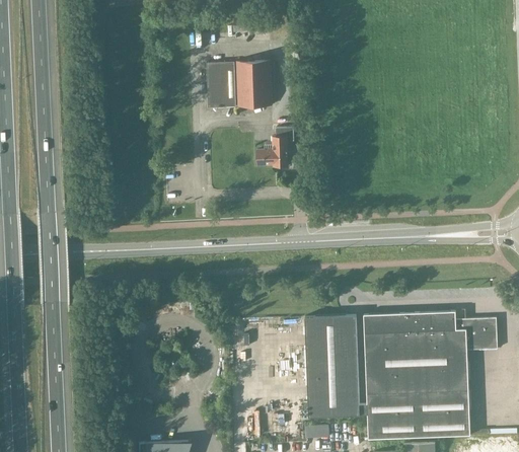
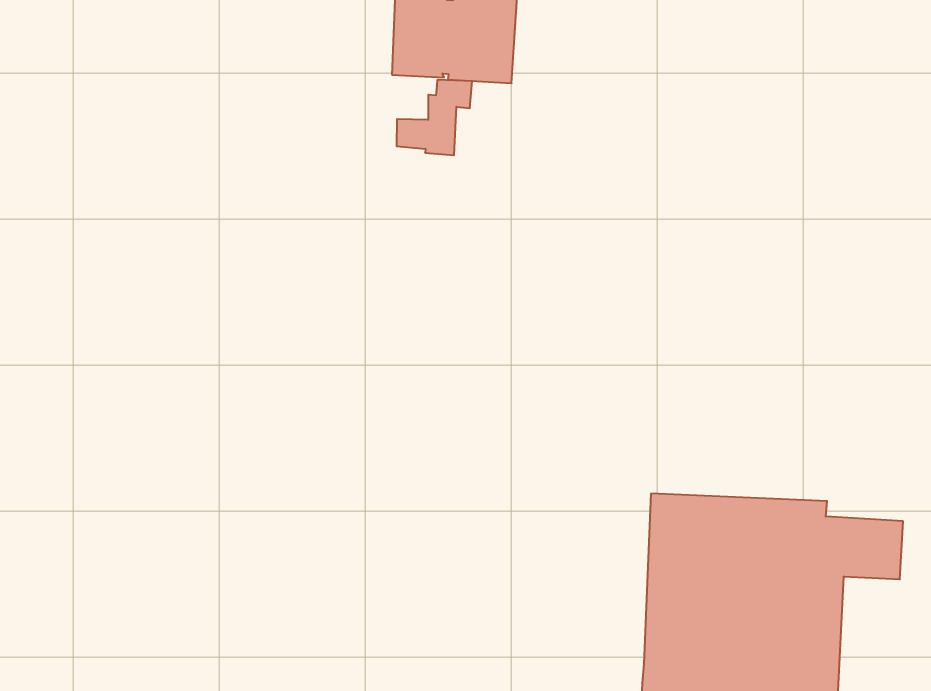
building: [257,128,295,167] -> [397,80,472,155]
building: [303,315,367,418] -> none

